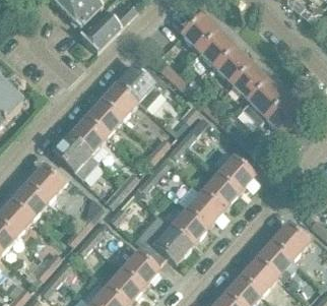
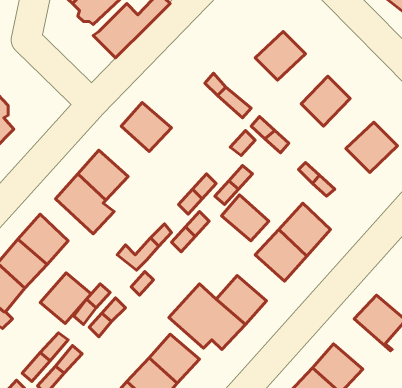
building: [182,13,219,50] -> none
building: [215,47,252,83] -> none
building: [117,64,161,107] -> none
building: [243,79,285,124] -> none
building: [85,100,122,136] -> none
building: [186,193,220,227] -> [222,195,269,241]
building: none -> [40,273,91,323]
building: [256,240,298,277] -> none

